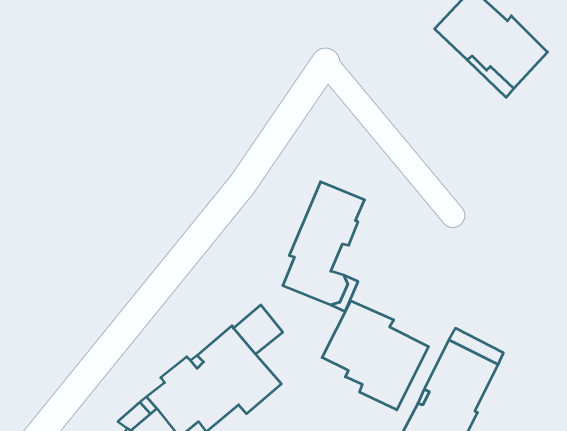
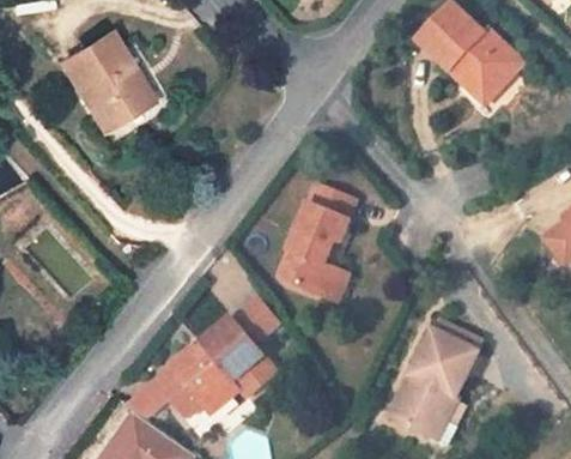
building: none -> [59,34,142,132]
building: [322,301,429,410] -> none

